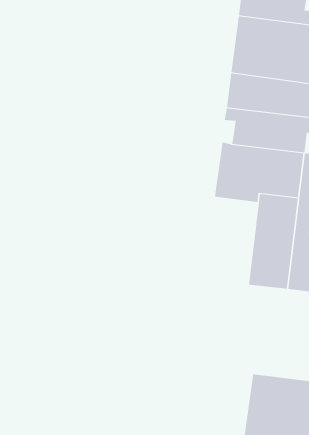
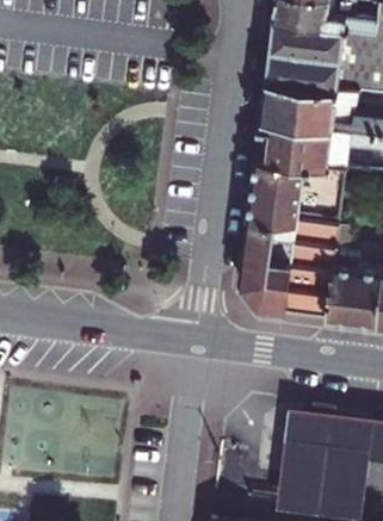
building: none -> [240,219,296,315]

